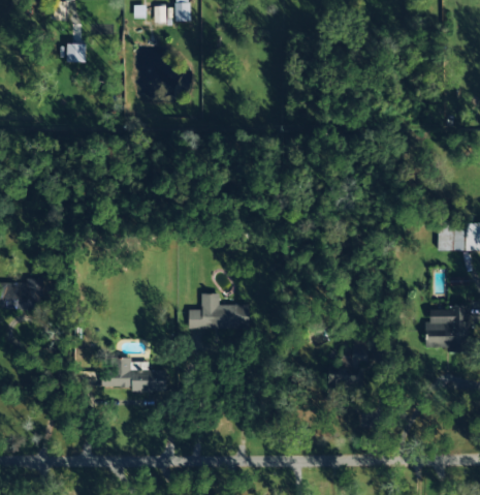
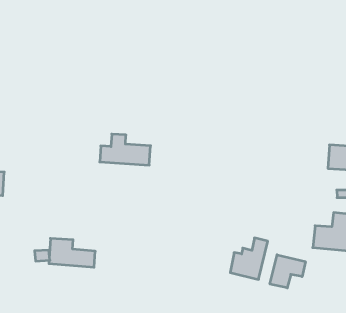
building: [189,292,250,328] -> [100,134,151,165]
building: none -> [270,255,305,288]

